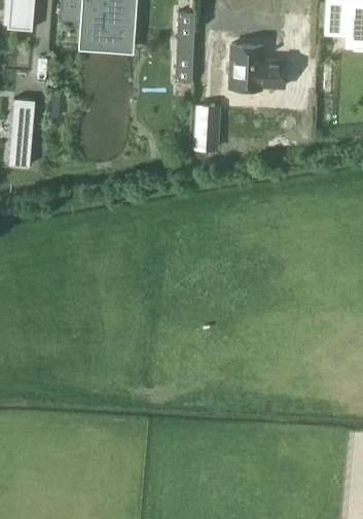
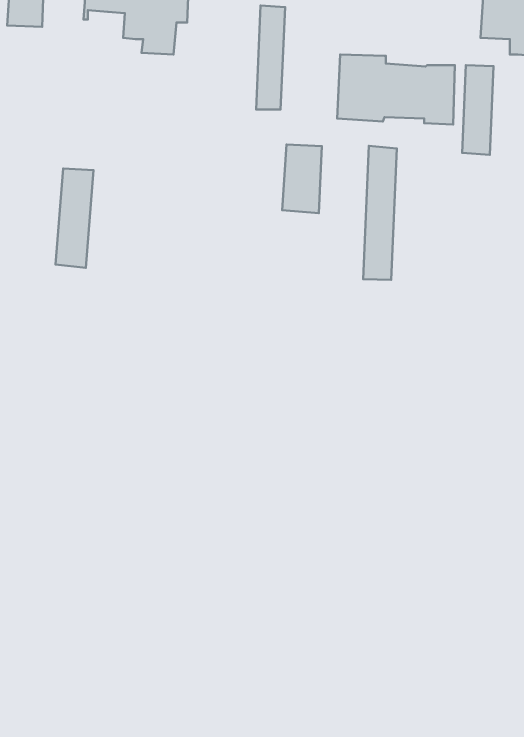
building: none -> [462,65,494,155]
building: [9,100,35,167] -> [55,169,94,268]
building: none -> [363,146,397,280]

